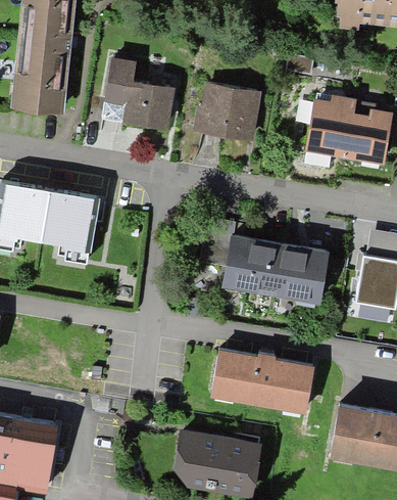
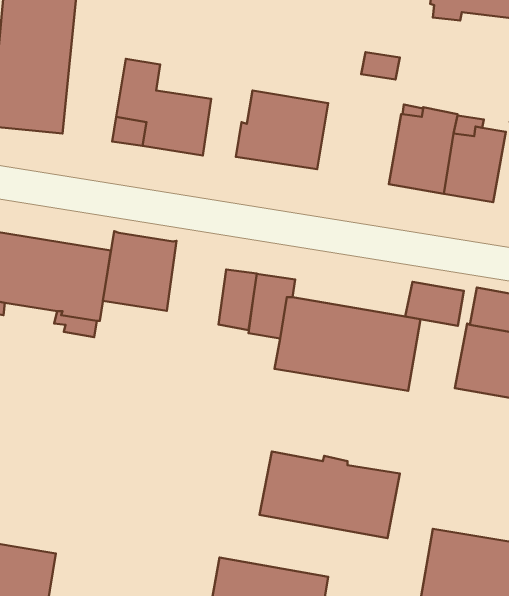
building: none -> [103,231,177,311]
building: none -> [218,269,257,330]
building: none -> [405,282,464,326]

